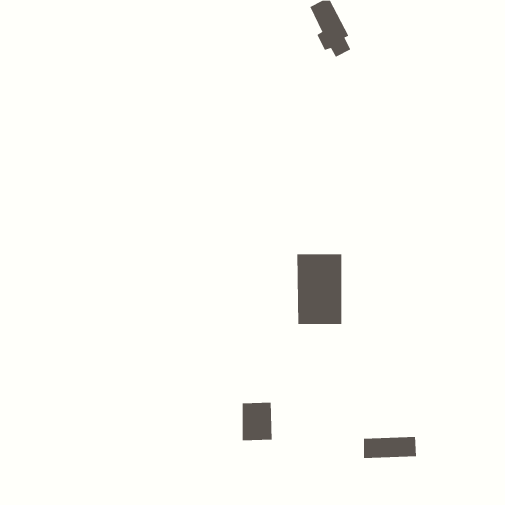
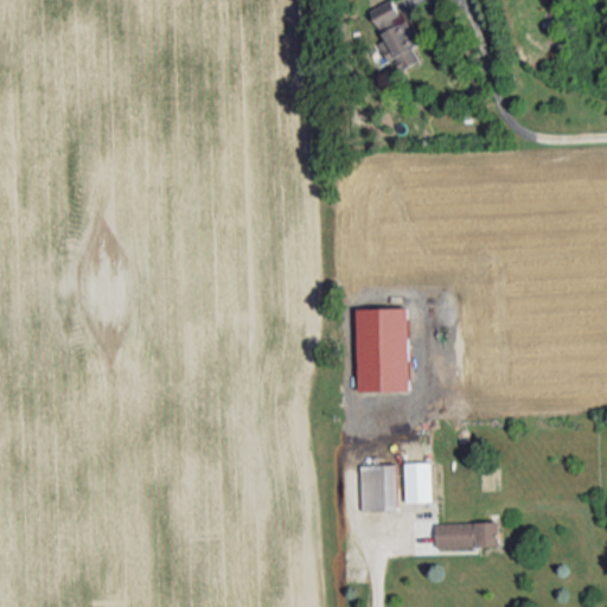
building: none -> [403,462,432,504]
building: [242,402,272,441] -> [359,465,396,511]

